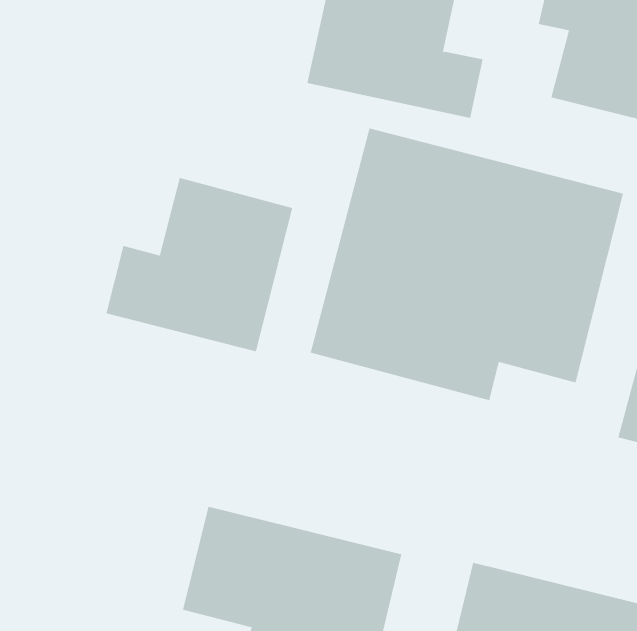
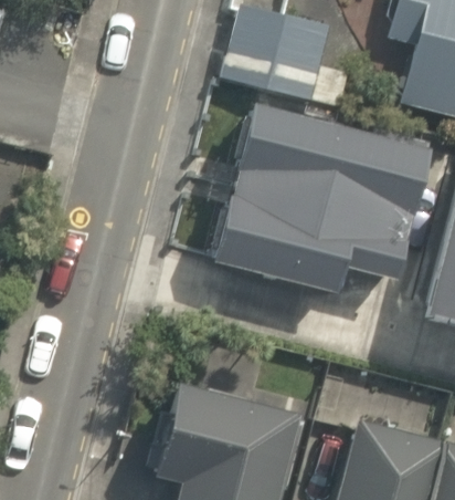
building: [106,177,293,352] -> none

